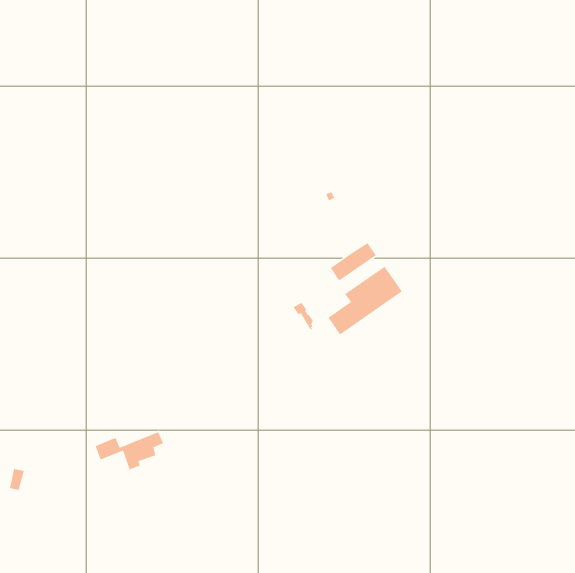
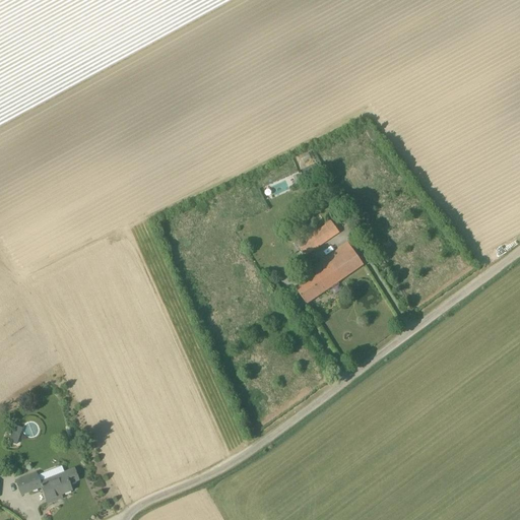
building: [94,431,164,470] -> [15,467,78,503]

